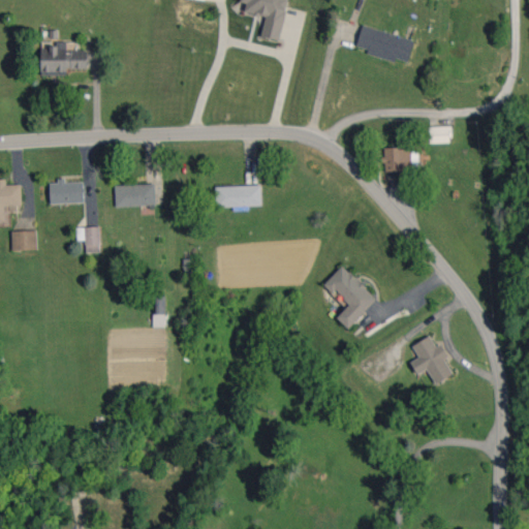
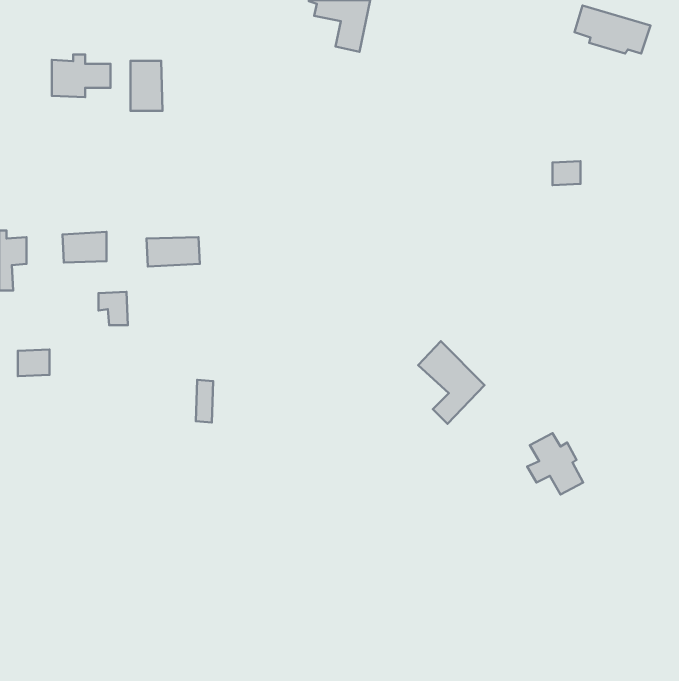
building: [355,25,414,62] -> [574,5,650,53]
building: none -> [130,61,163,111]
building: [383,147,410,170] -> none
building: [215,185,261,207] -> none
building: [11,229,36,250] -> [18,350,50,376]

